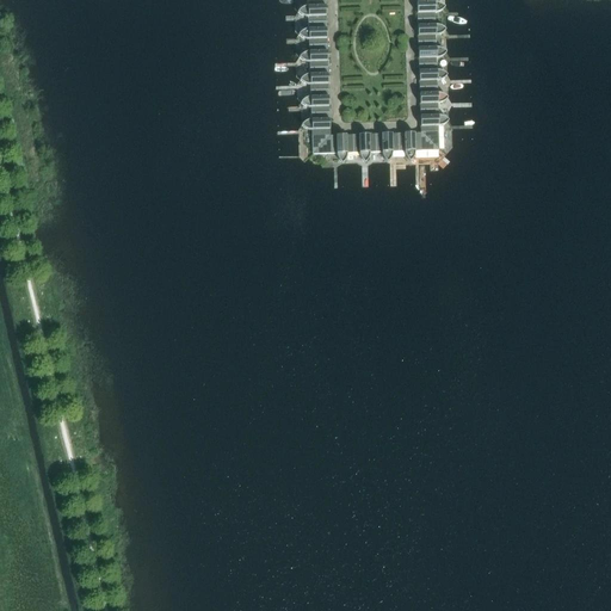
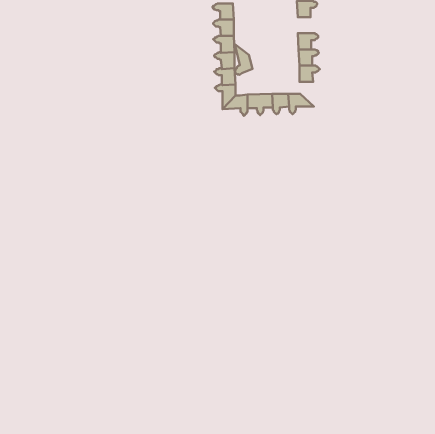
building: [418,24,446,47] -> none
building: none -> [235,44,252,75]
building: [420,115,449,149] -> none

